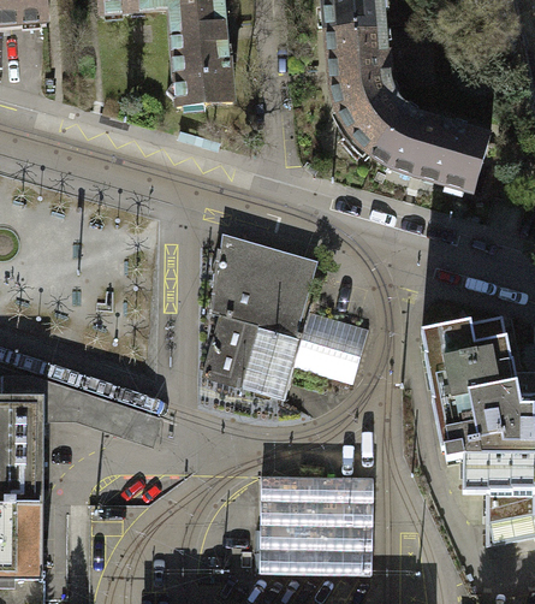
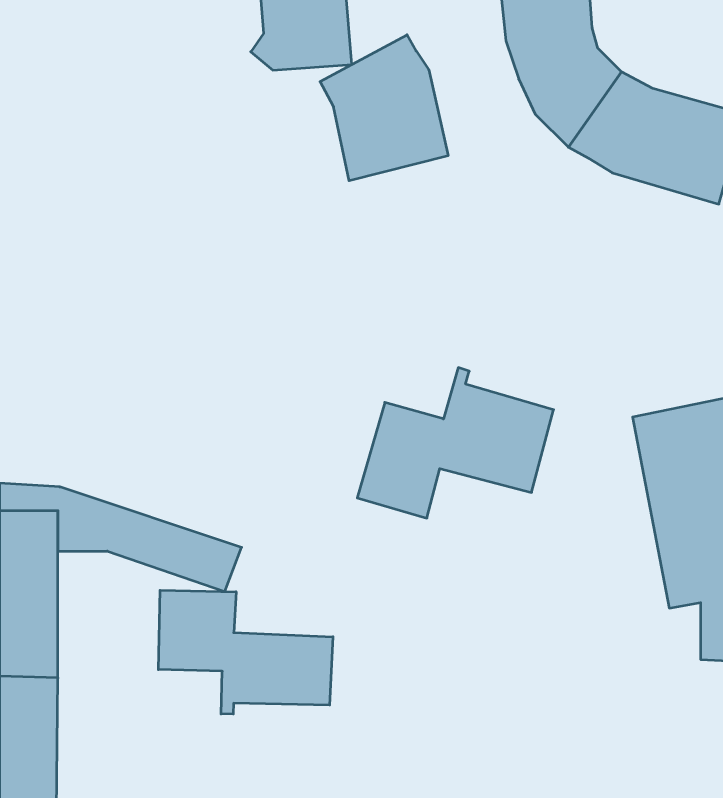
building: none -> [320,35,448,181]
building: [201,249,310,385] -> none
building: none -> [158,590,333,714]
building: [258,474,373,574] -> none

